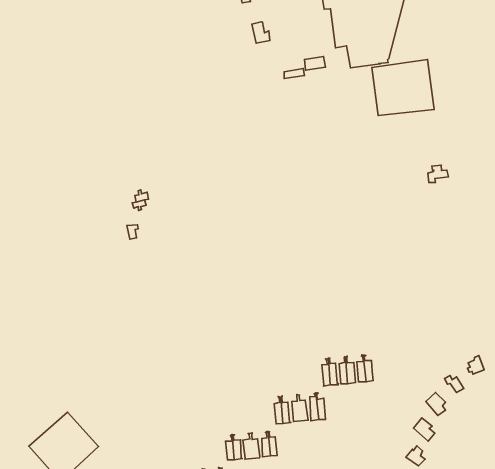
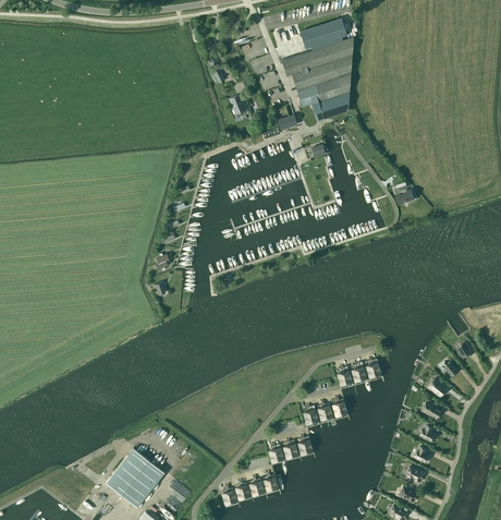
building: [372,60,434,115] -> none

